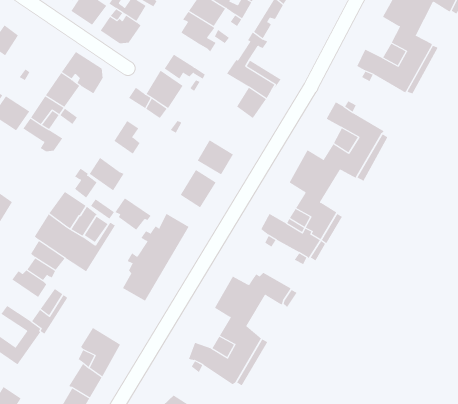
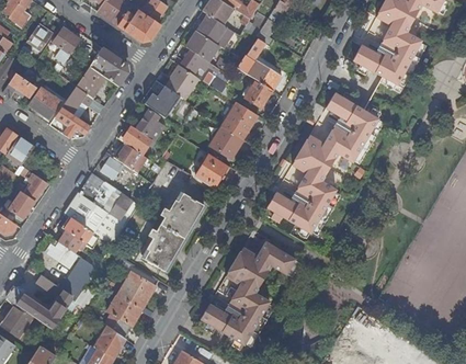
building: none -> [50,26,80,62]
building: none -> [185,31,218,61]
building: none -> [220,101,257,139]
building: [115,197,151,231] -> [121,125,154,155]
building: none -> [116,257,158,309]

